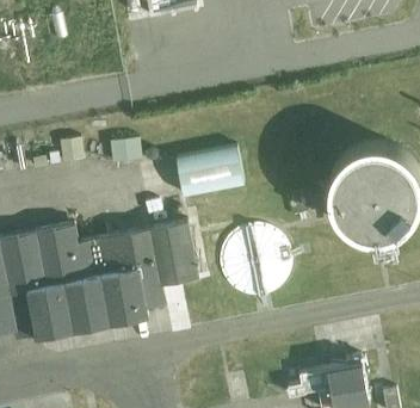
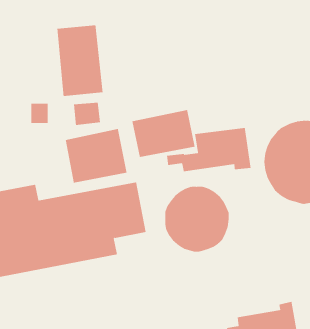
building: none -> [57,24,103,97]
building: none -> [167,127,251,172]
building: none -> [65,128,127,184]

